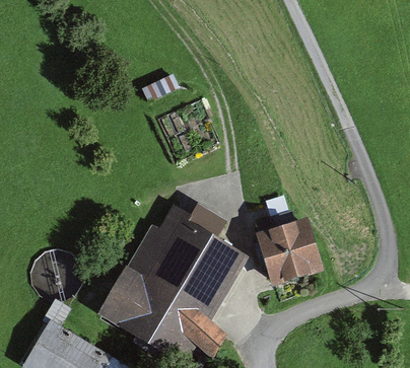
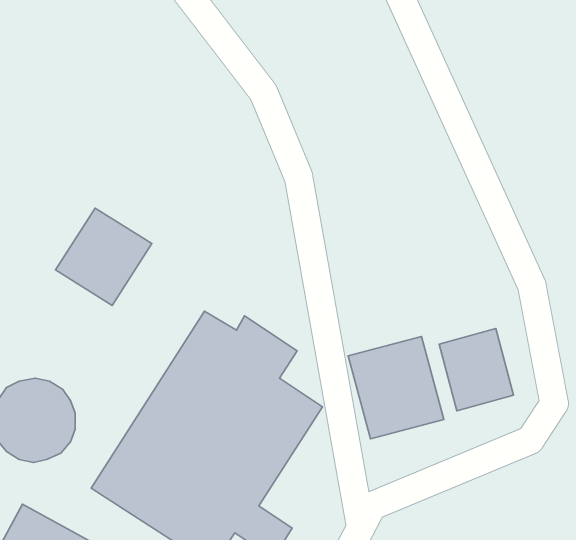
building: none -> [56,208,152,305]
building: none -> [439,328,514,411]

